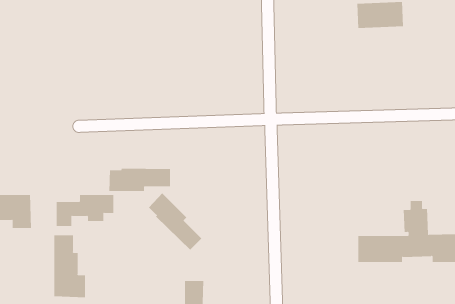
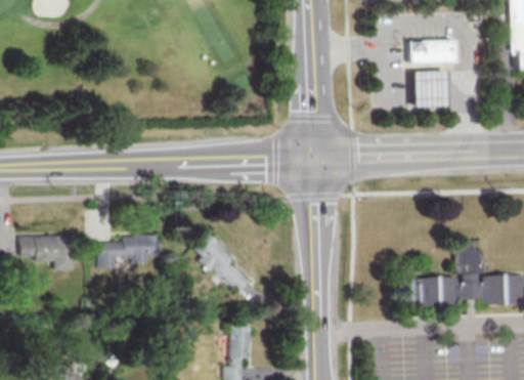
building: none -> [411,70,447,104]
building: [109,168,170,192] -> none
building: [54,235,86,298] -> none

